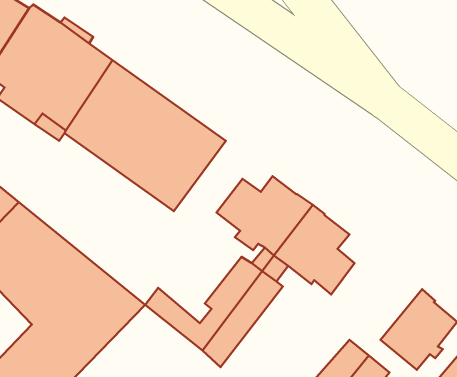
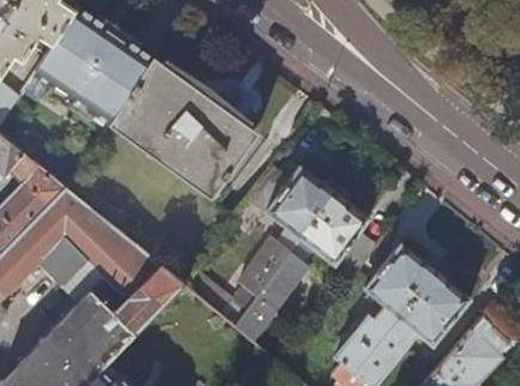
building: none -> [365,245,437,316]

